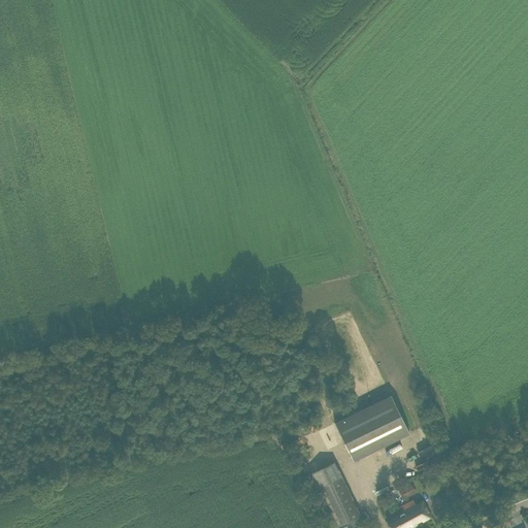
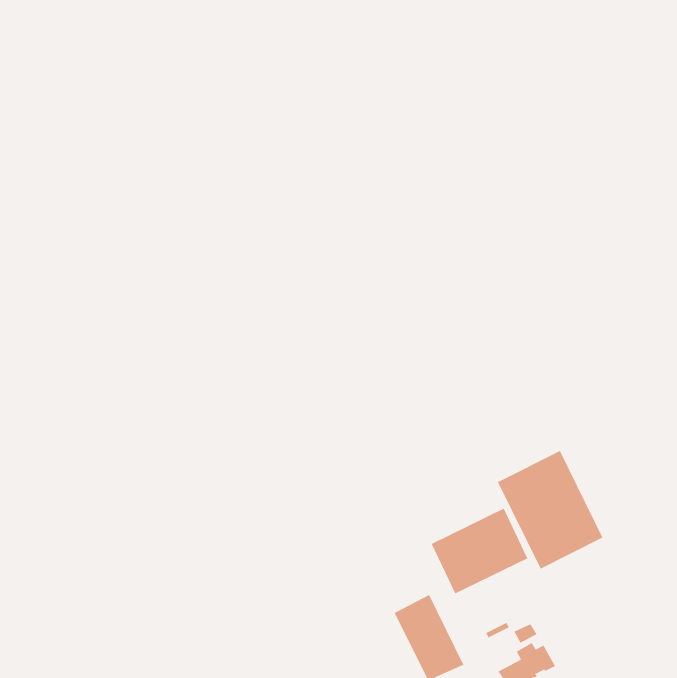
building: none -> [497,450,603,570]

